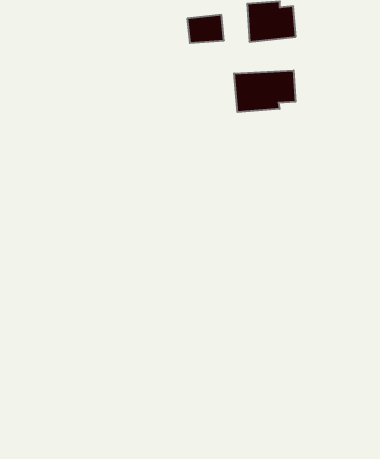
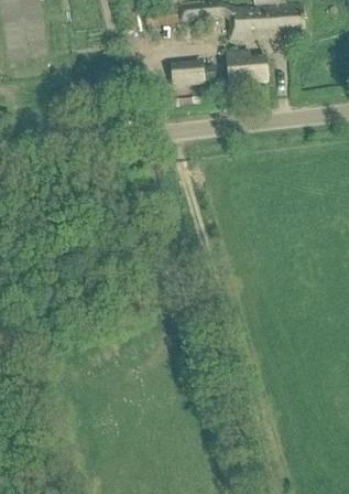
building: [234,70,296,112] -> none

